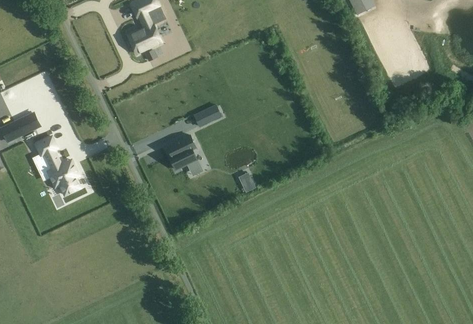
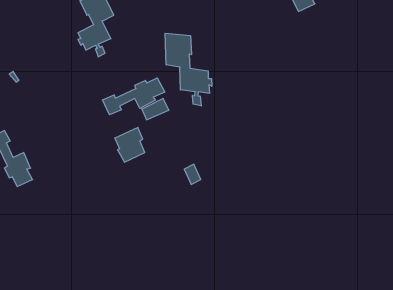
building: none -> [165,33,212,106]
building: none -> [103,78,165,115]

